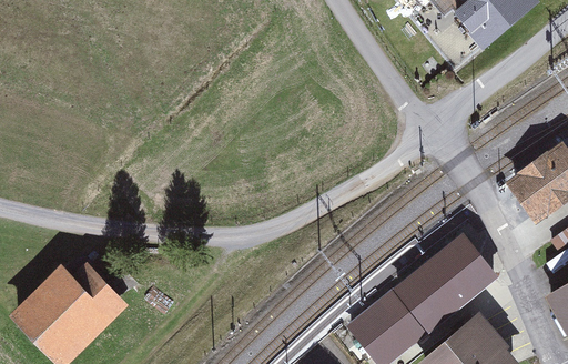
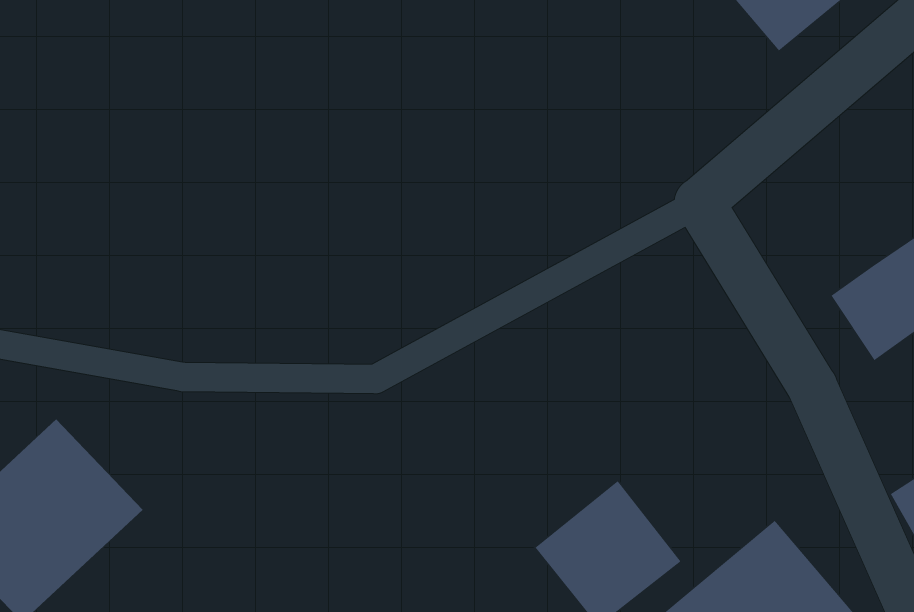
building: [392,232,498,334] -> none

